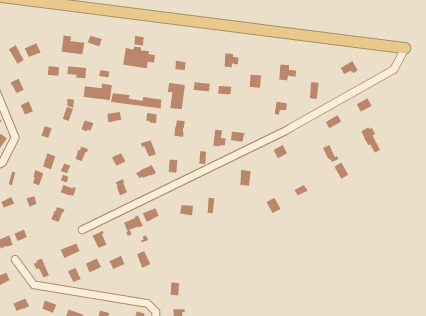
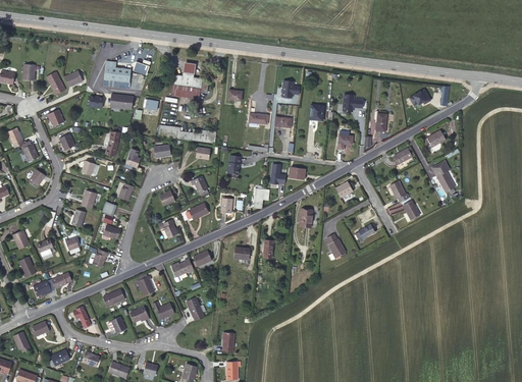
building: [167,82,185,110] -> none
building: [83,83,113,101] -> none

